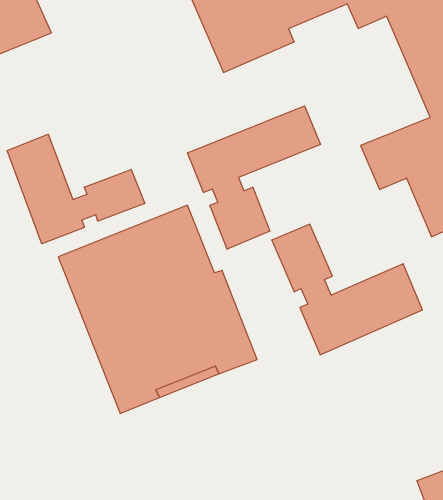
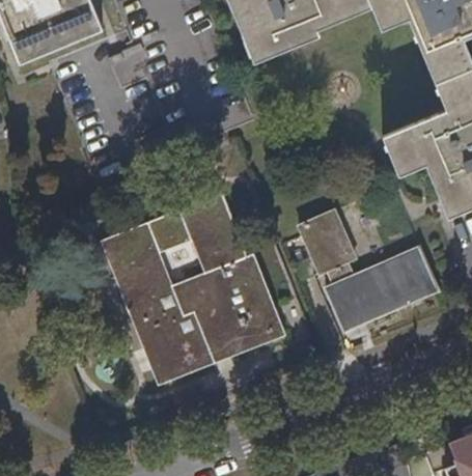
building: [188,106,321,249] -> none
building: [7,134,145,244] -> none

